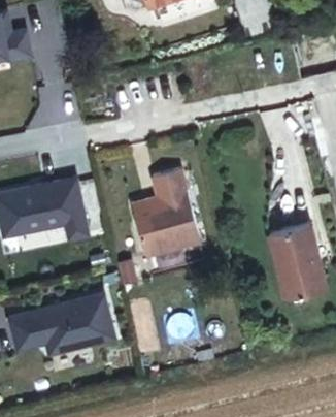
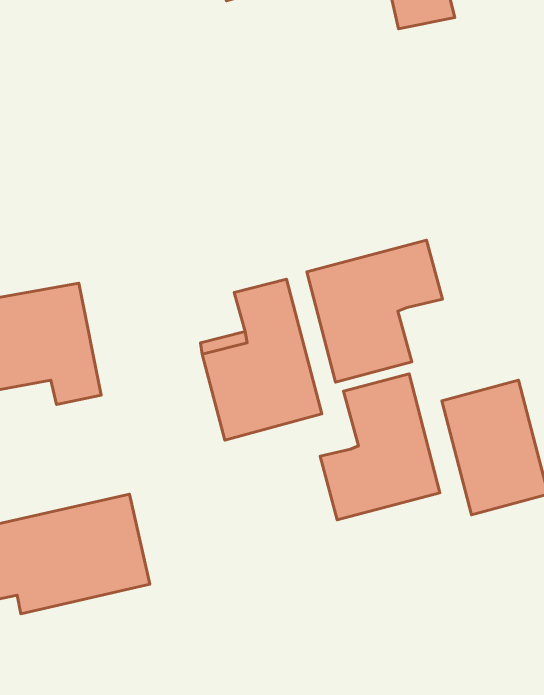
building: none -> [307,240,443,382]
building: none -> [320,374,440,520]

